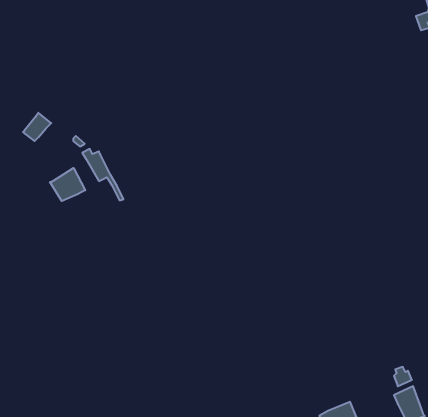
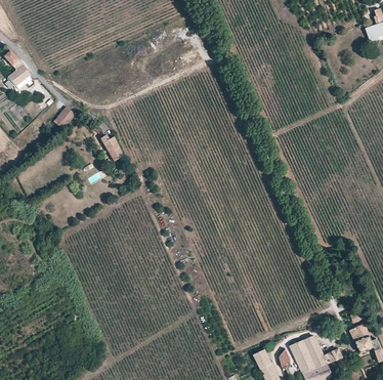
building: [50,168,85,201] -> none

